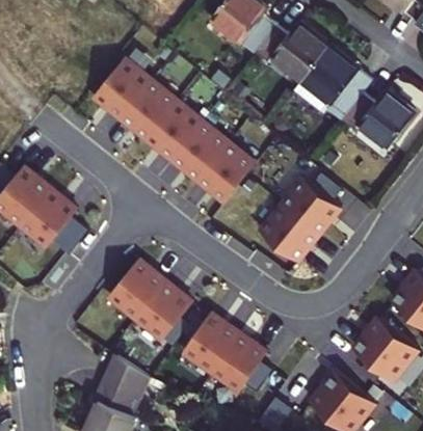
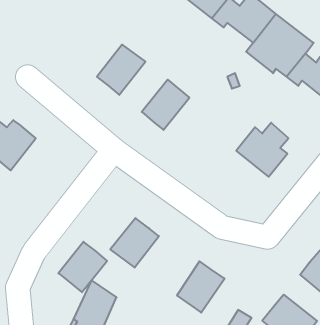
building: [94,60,150,119] -> none
building: [147,102,203,160] -> none
building: [197,143,255,203] -> none
building: [21,190,89,255] -> none
building: [261,205,319,261] -> none
building: [109,261,165,319] -> [58,242,107,292]
building: [185,314,239,372] -> none

